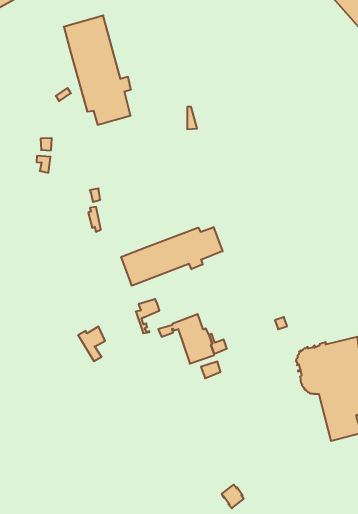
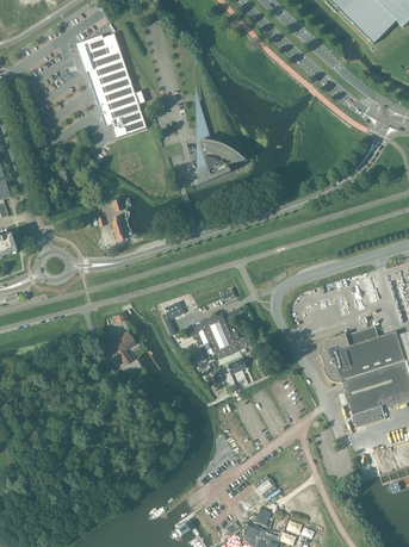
building: none -> [199,141,246,185]
building: [121,227,223,286] -> none

